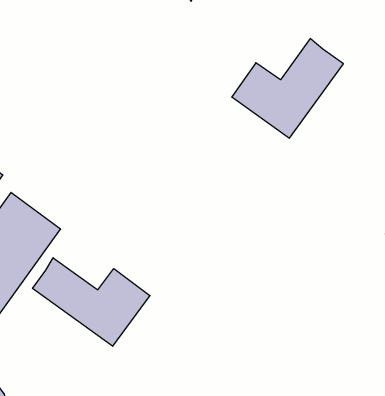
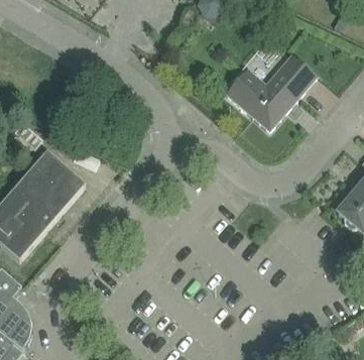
building: [33,258,150,346] -> none

